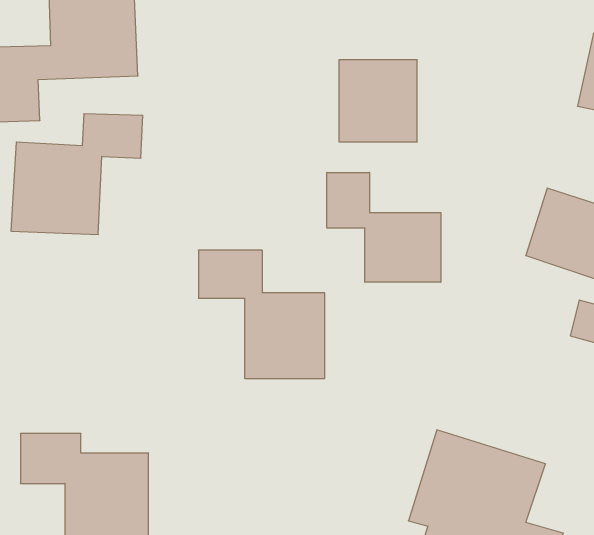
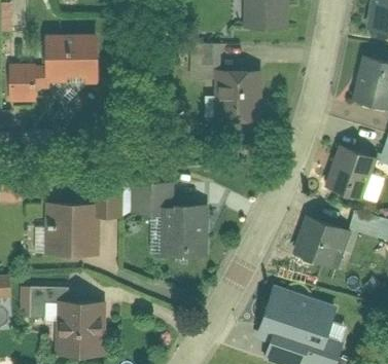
building: [11,114,143,235] -> [46,186,122,256]
building: [327,172,441,282] -> none
building: none -> [291,217,347,268]

